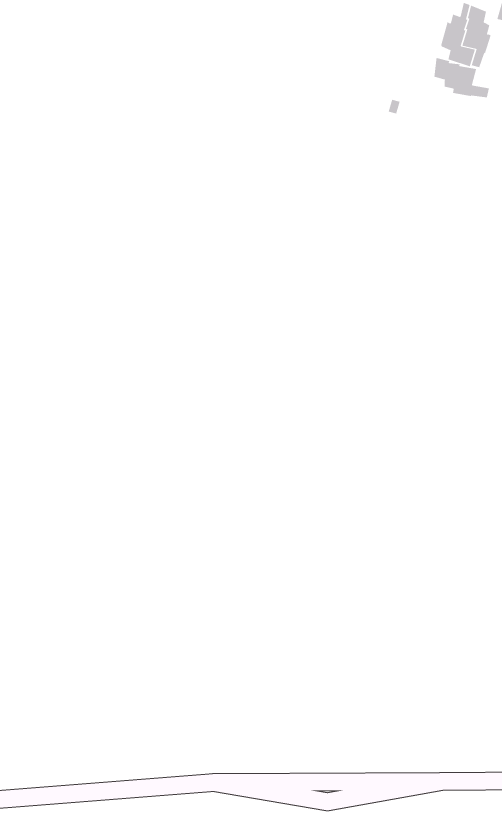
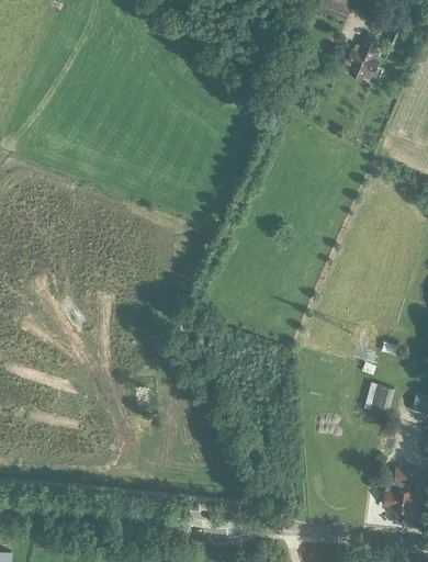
building: [434,57,489,98] -> none

